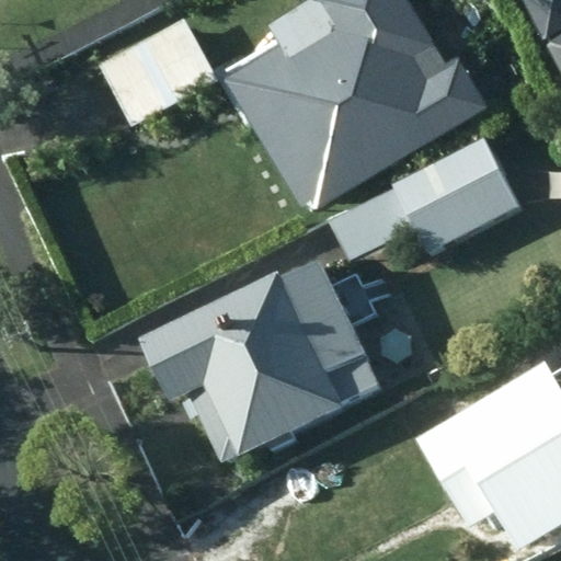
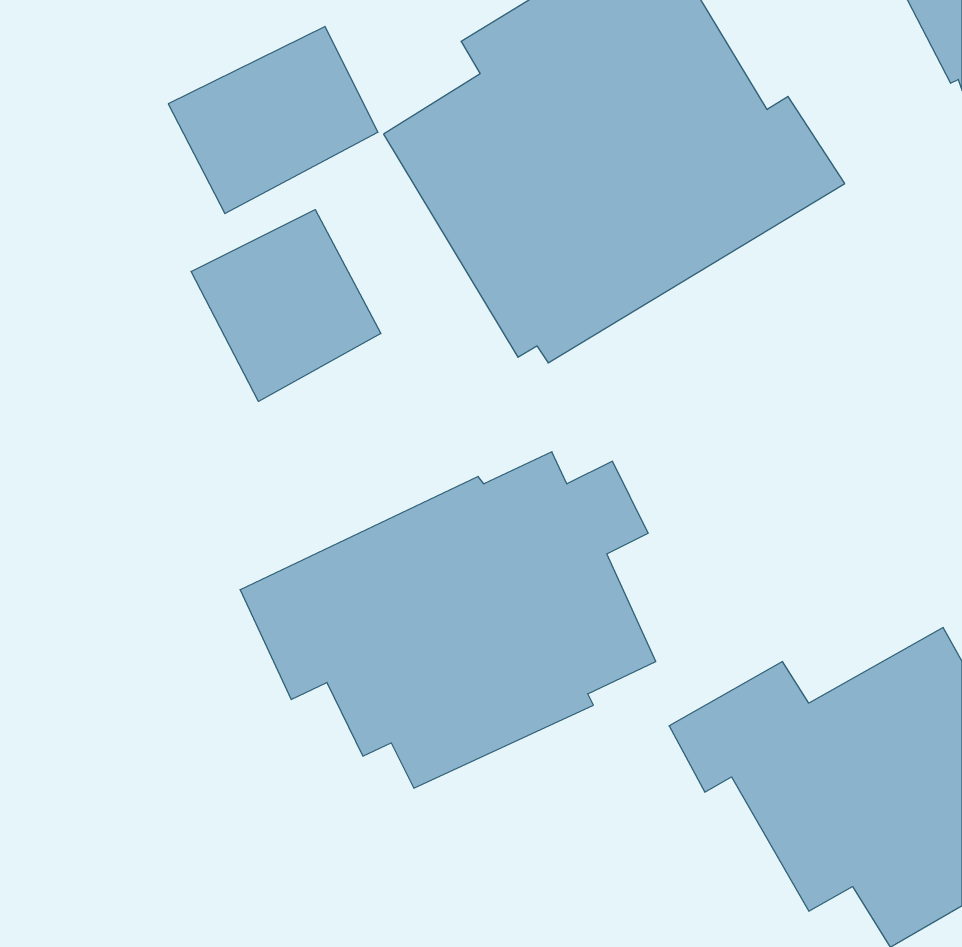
building: none -> [191,210,381,401]
building: [328,136,518,257] -> none

